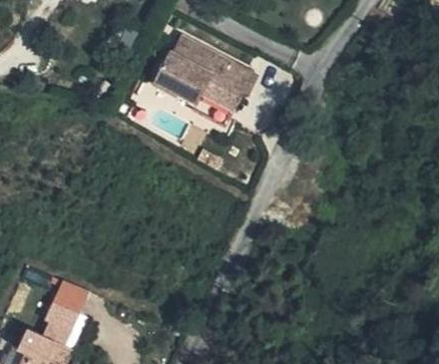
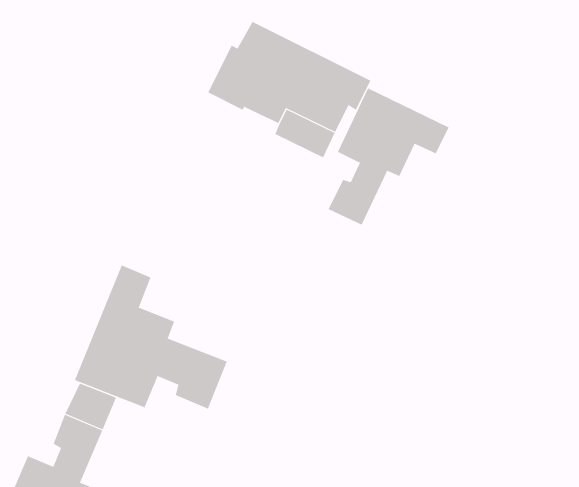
building: none -> [328,87,450,226]
building: none -> [74,264,227,409]

